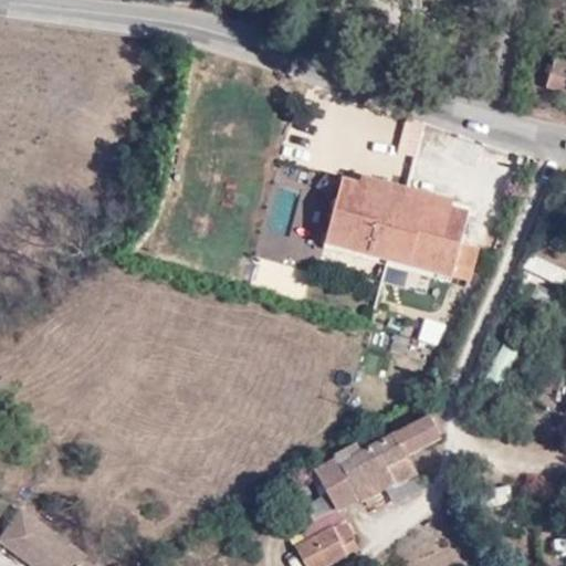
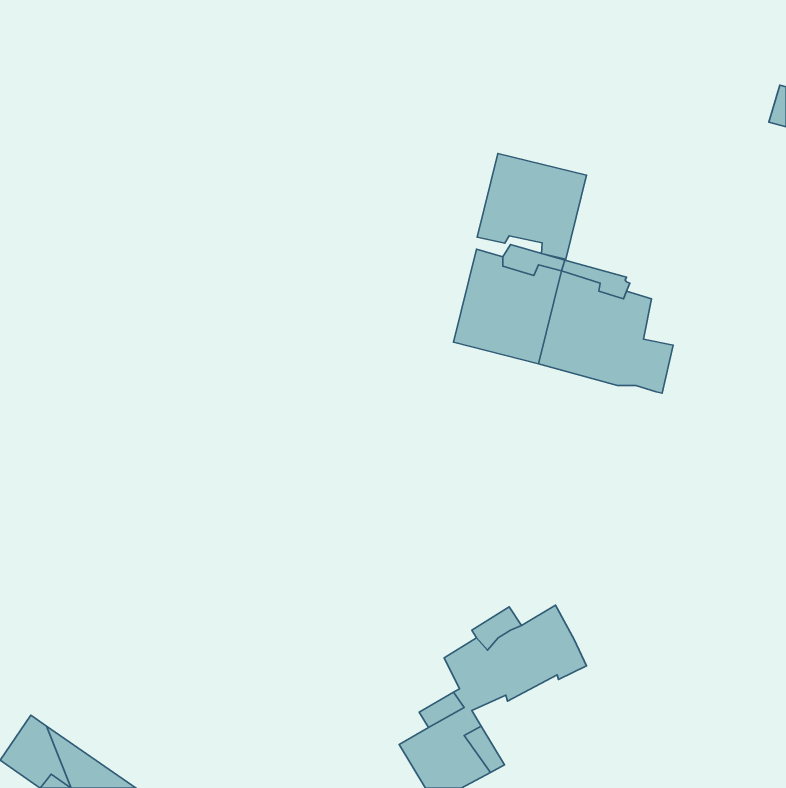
building: none -> [477,153,587,259]
building: [397,413,442,457] -> none

